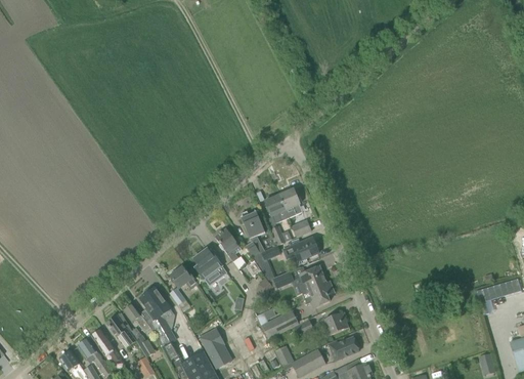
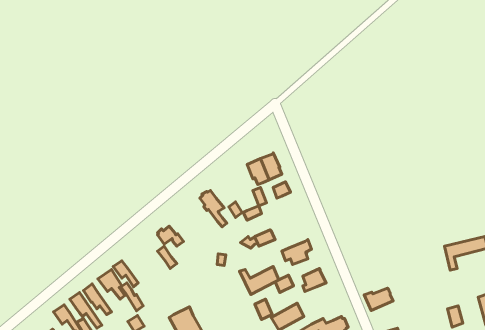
building: [241,210,265,238] -> none
building: [282,237,318,260] -> none
building: [193,248,227,280] -> none
building: [299,266,326,293] -> none
building: [140,287,181,363] -> none
building: [199,328,232,369] -> none
building: [329,337,359,361] -> [364,288,393,310]

